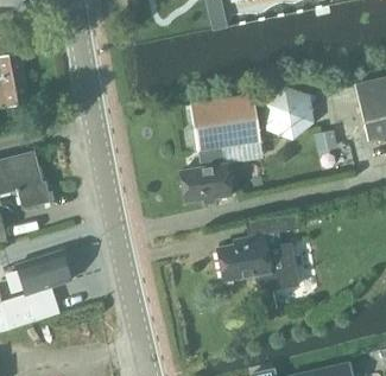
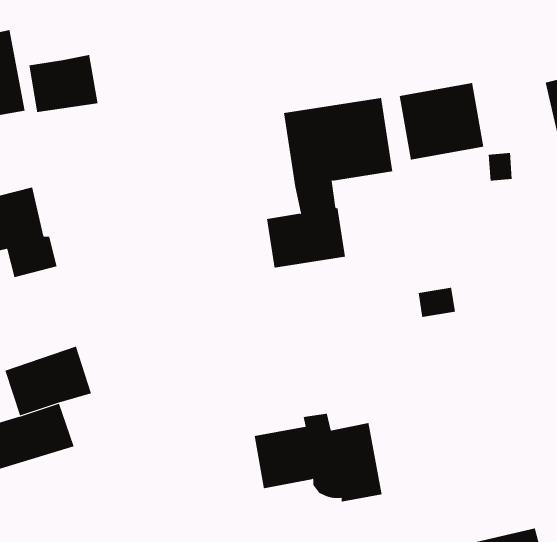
building: none -> [29,54,98,113]
building: [217,234,298,289] -> [254,413,383,502]

